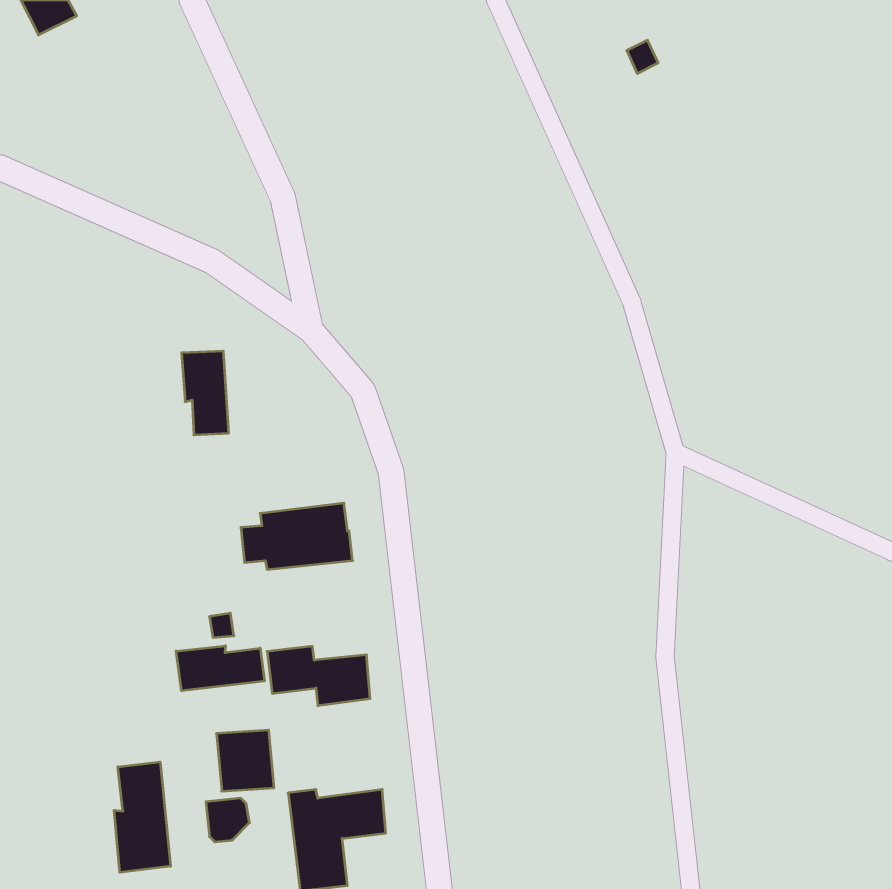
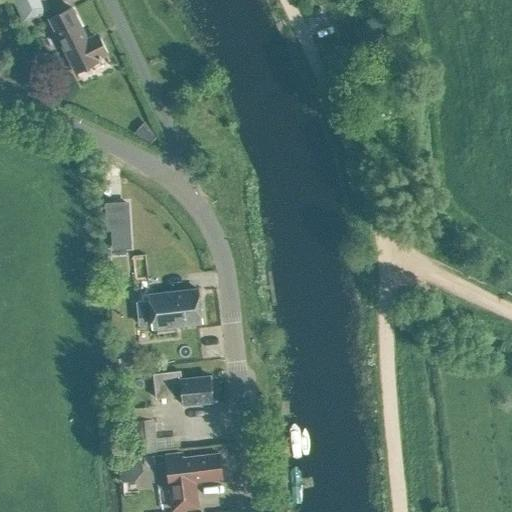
building: none -> [49,9,106,71]
building: [176,646,264,691] -> none
building: [114,762,170,872] -> none

